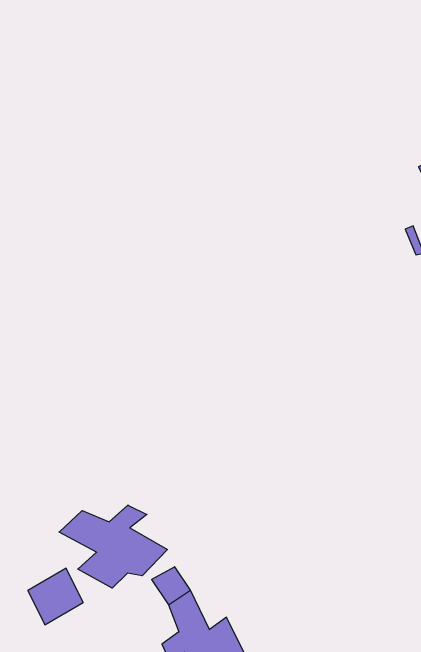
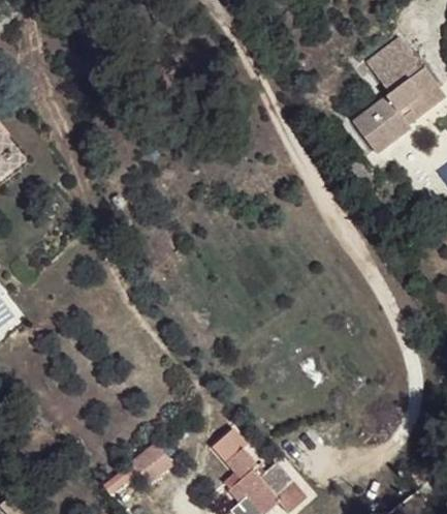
building: [59,505,167,588] -> none

